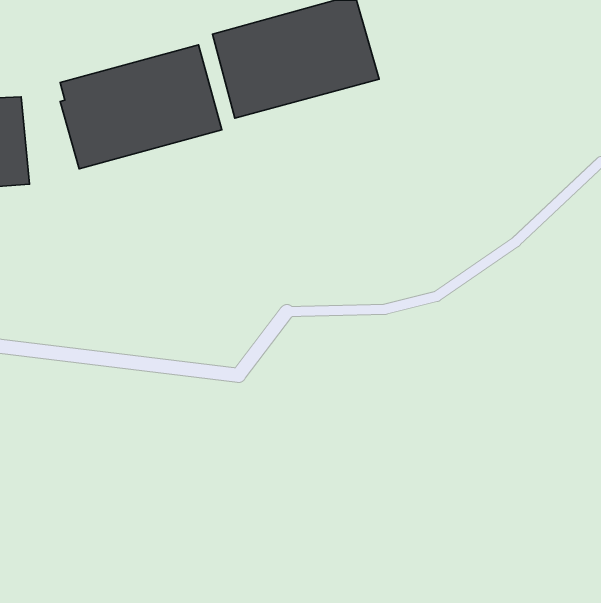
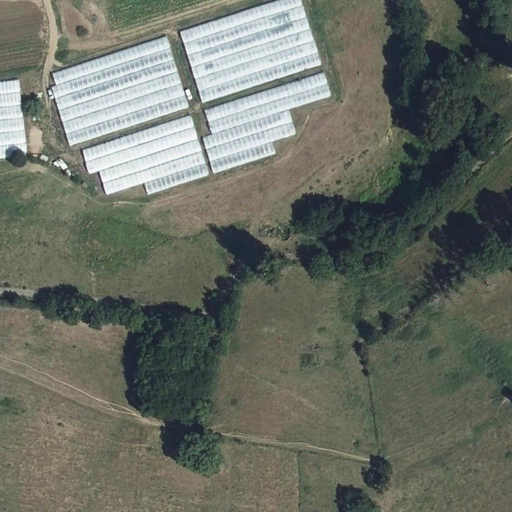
building: none -> [203,75,331,171]
building: none -> [81,117,208,194]

